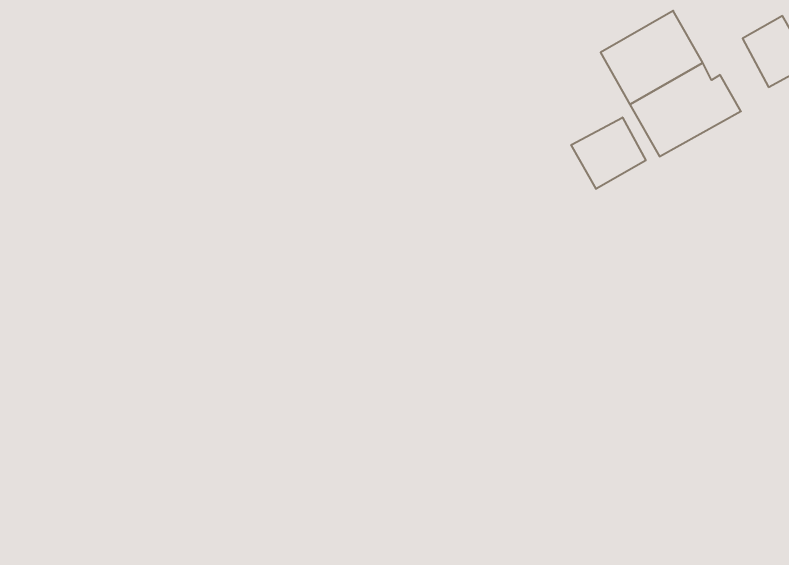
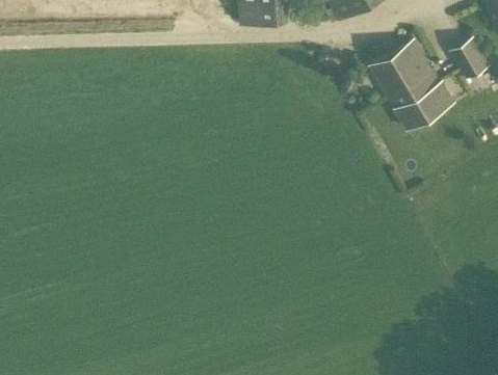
building: [571,117,646,189] -> none

